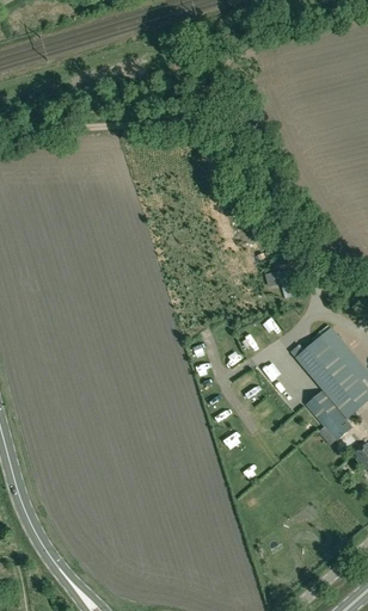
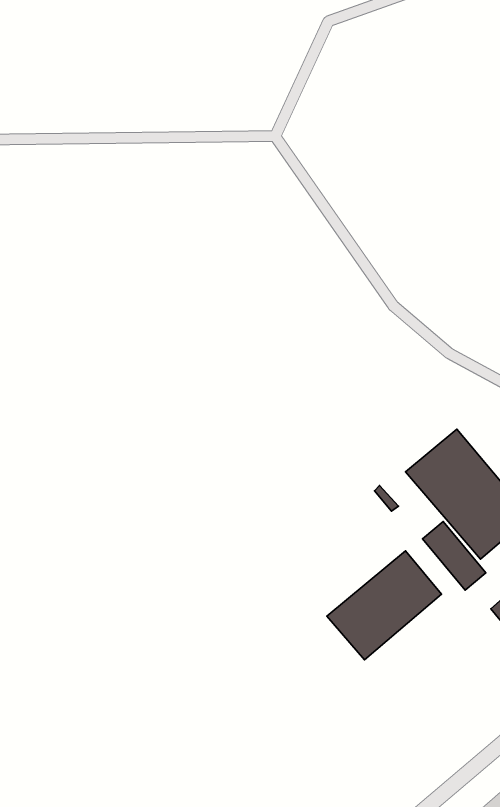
building: none -> [327,551,442,660]

